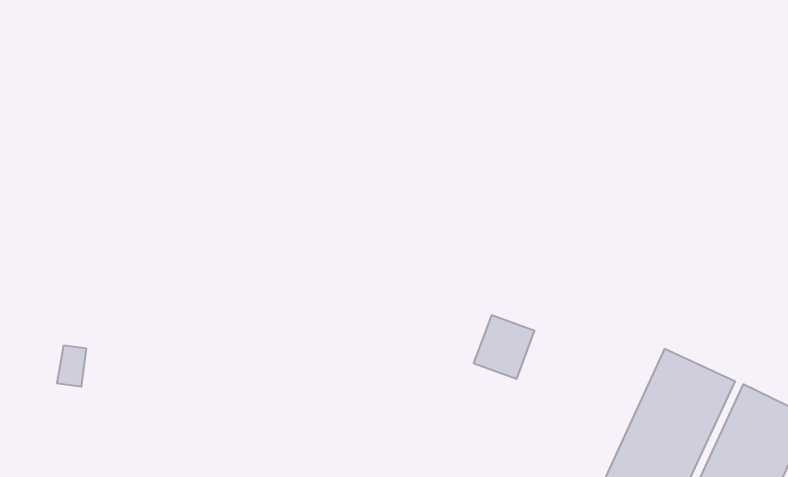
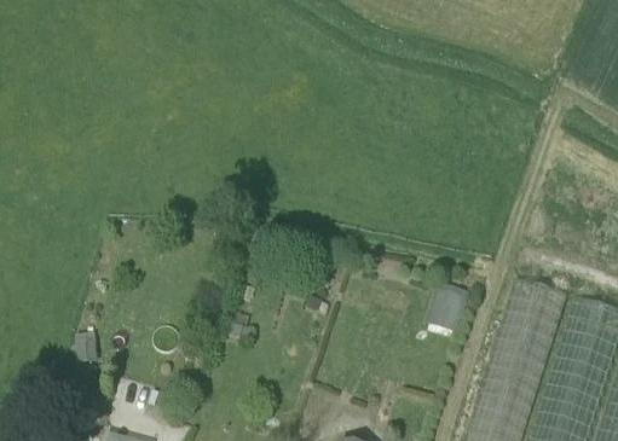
building: [474,315,535,379] -> [428,280,469,324]

